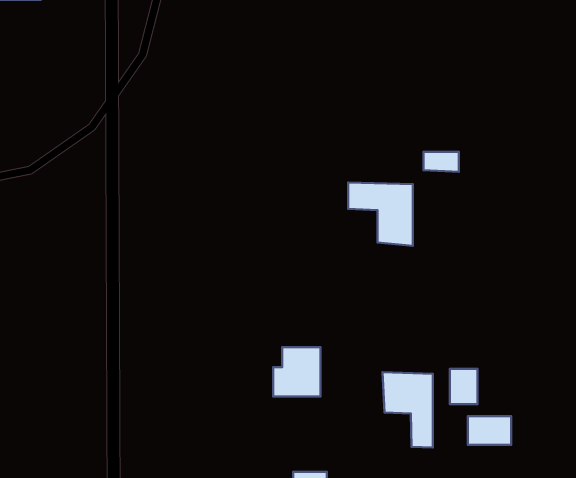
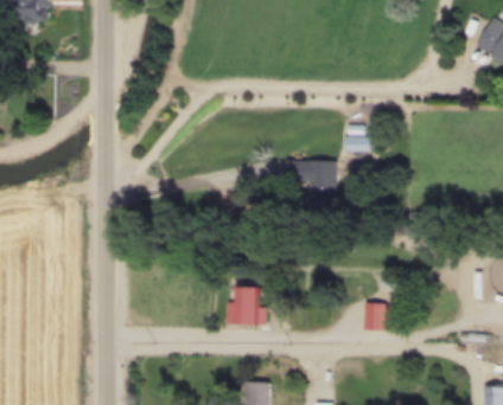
building: [383,372,433,448] -> none
building: [468,416,511,445] -> none

